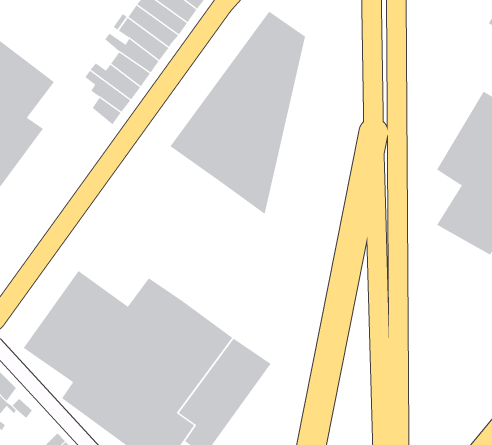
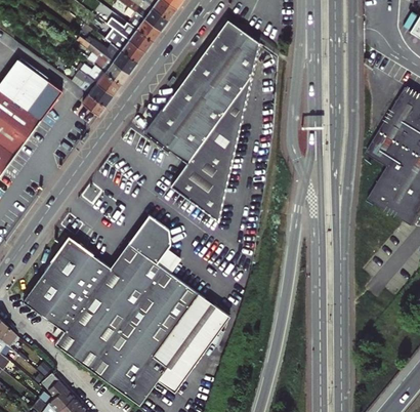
building: none -> [27,81,61,120]
building: none -> [170,164,224,221]
building: none -> [127,215,170,263]

